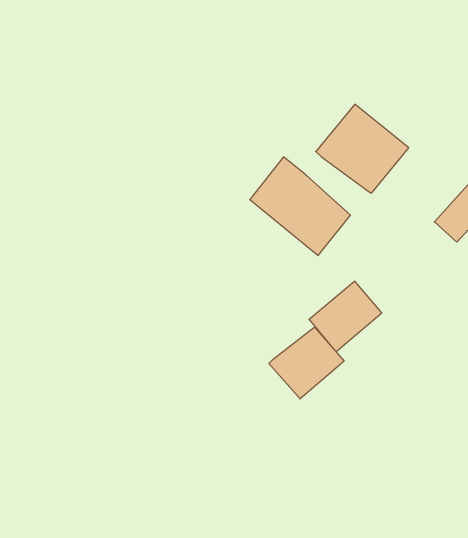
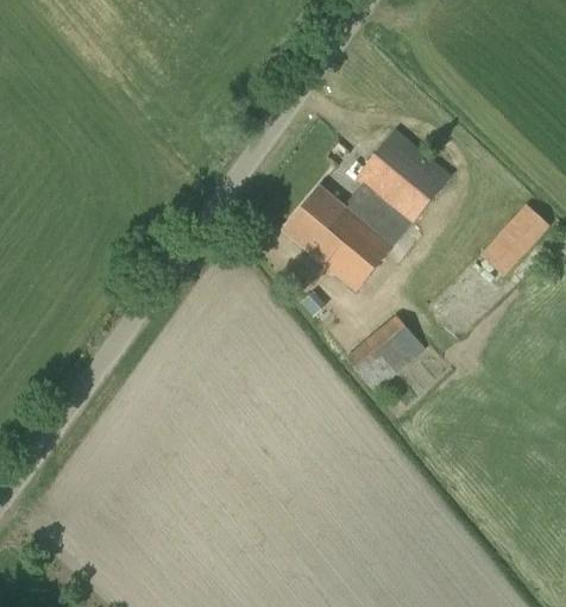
building: none -> [342,184,411,246]
building: [269,328,344,399] -> none

